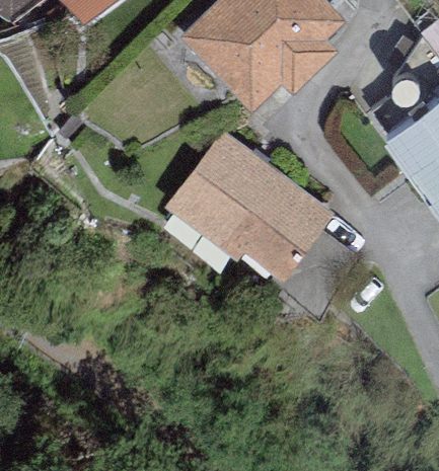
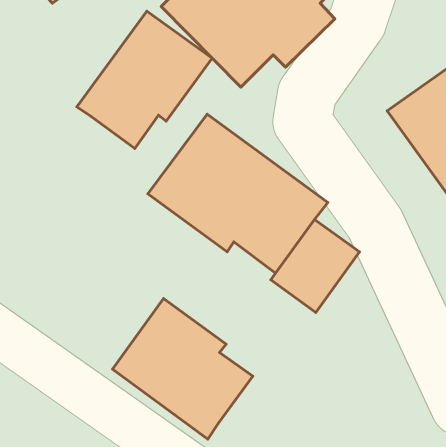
building: none -> [77,11,212,149]
building: none -> [113,298,253,439]

